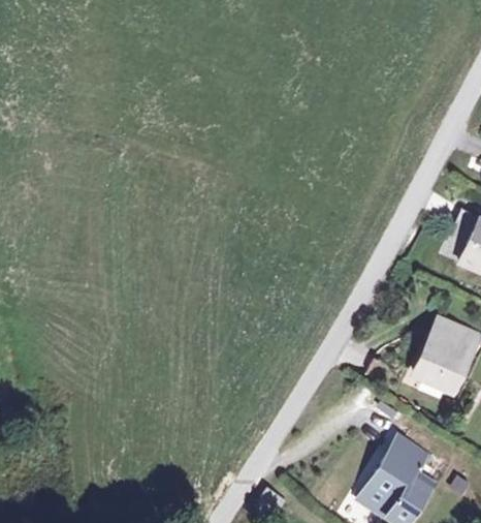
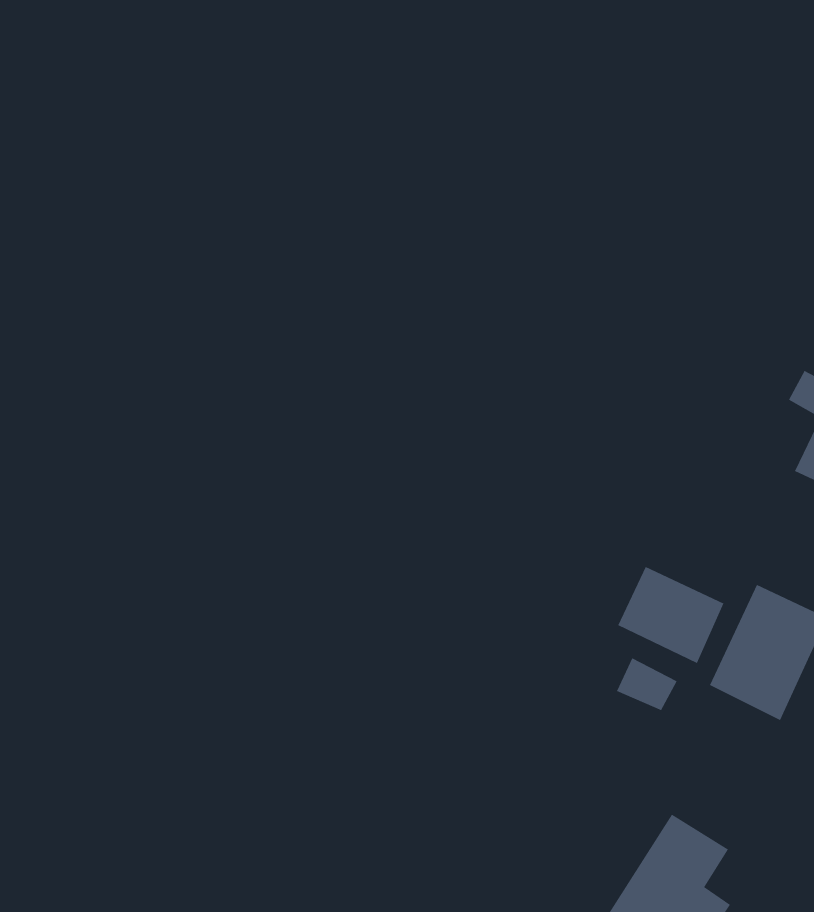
building: none -> [617,566,724,664]

